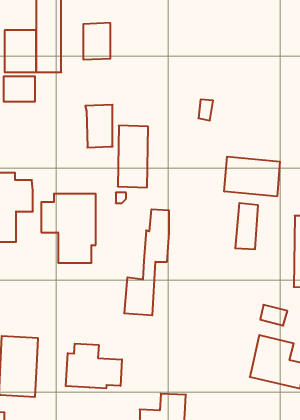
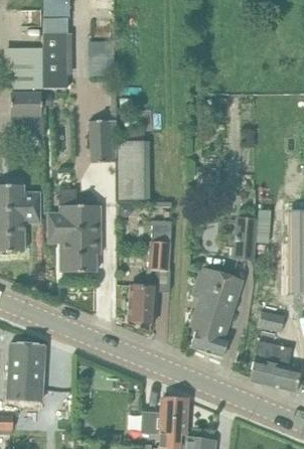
building: [224,157,280,196] -> none
building: none -> [191,265,246,356]
building: [66,344,122,388] -> none

